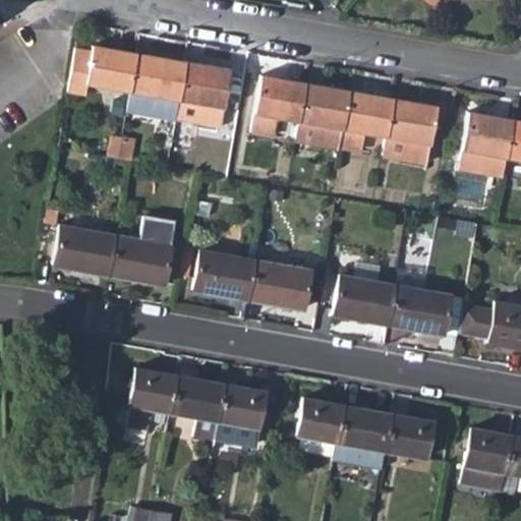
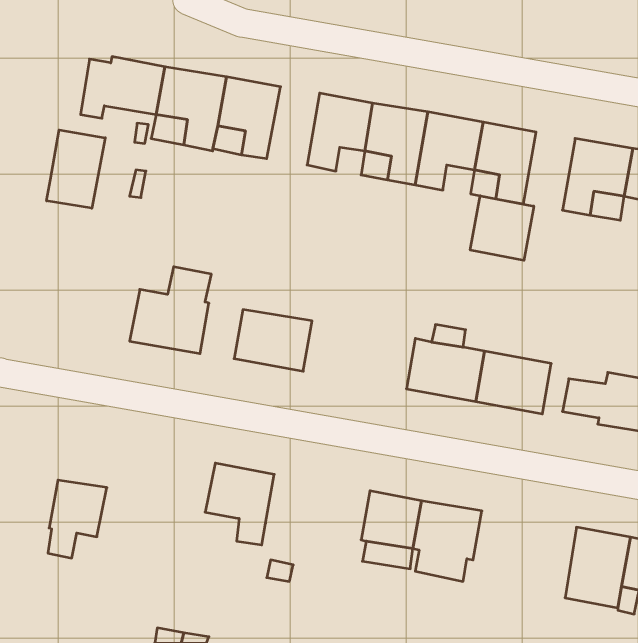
building: none -> [47,130,105,208]
building: none -> [470,196,534,260]
building: [56,225,117,276] -> none
building: [249,259,311,310] -> none
building: [130,368,178,431] -> [48,480,107,558]
building: [219,384,268,446] -> none
building: [387,413,435,460] -> none

